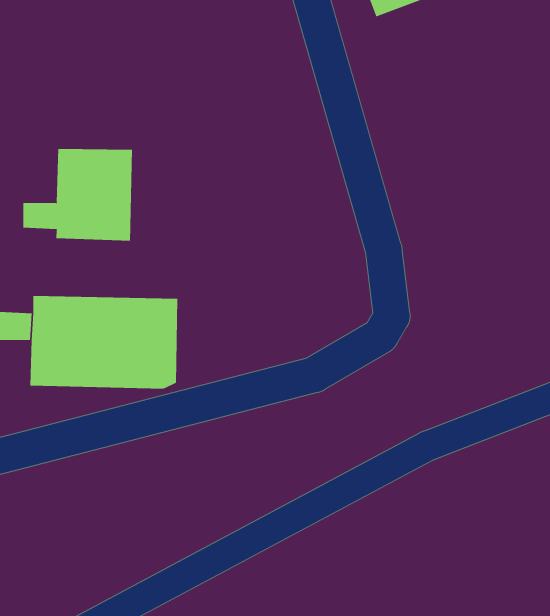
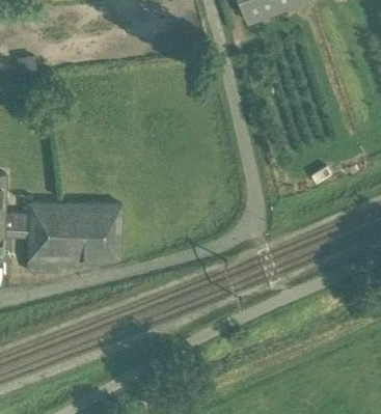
building: [23,148,133,241] -> none

